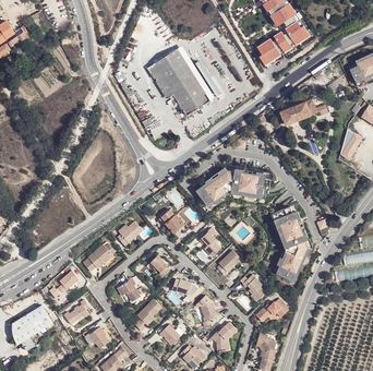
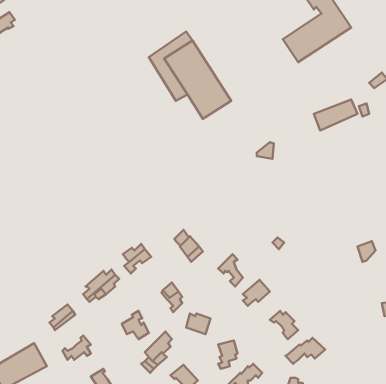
building: [195,167,268,202] -> none
building: [274,207,309,282] -> none

